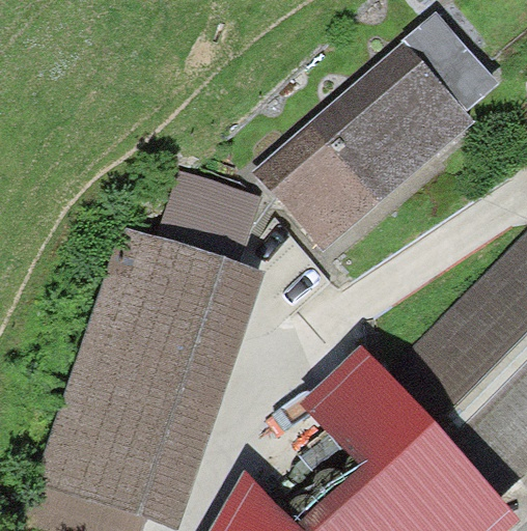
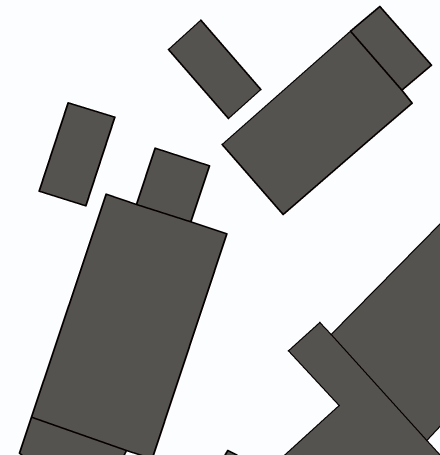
building: none -> [168,20,261,119]
building: none -> [39,103,115,206]

